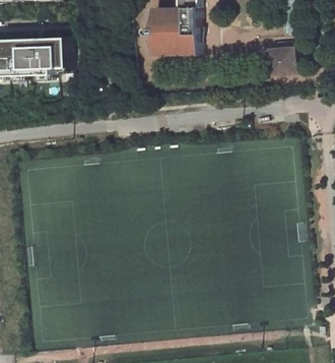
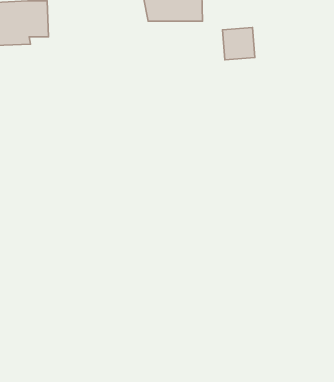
building: [264,46,291,73] -> [222,27,255,60]

